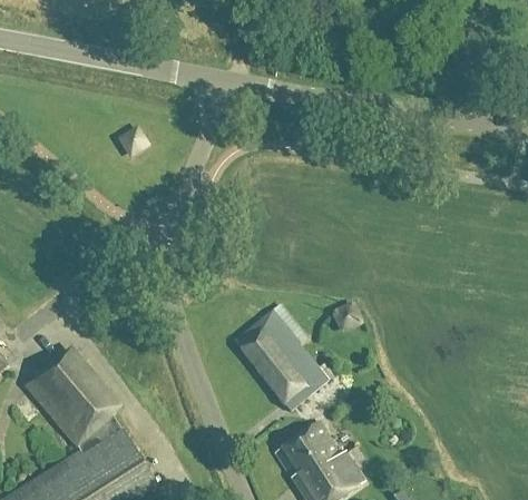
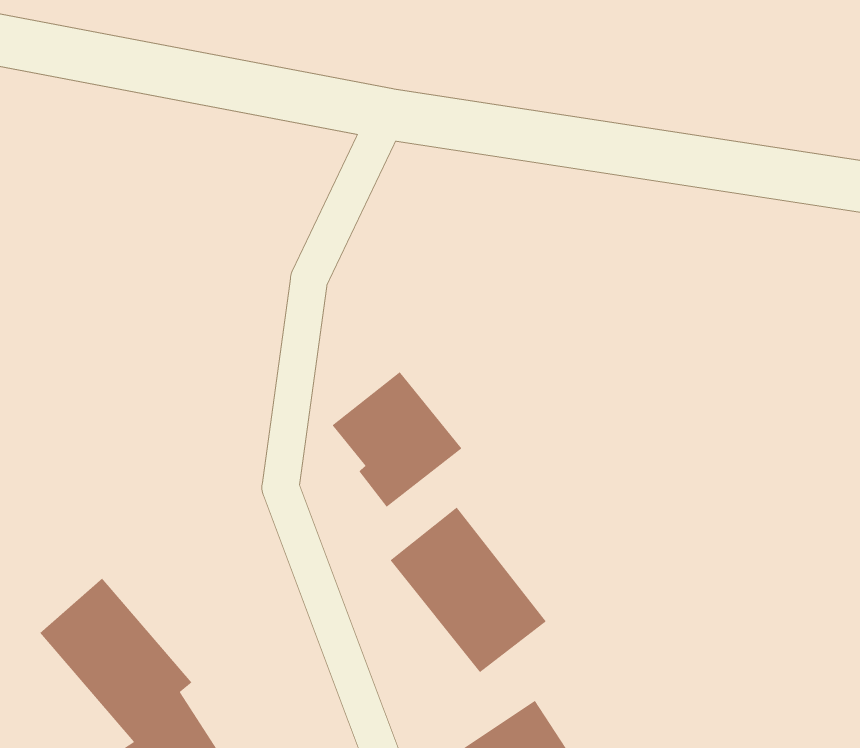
building: none -> [331,371,462,508]

